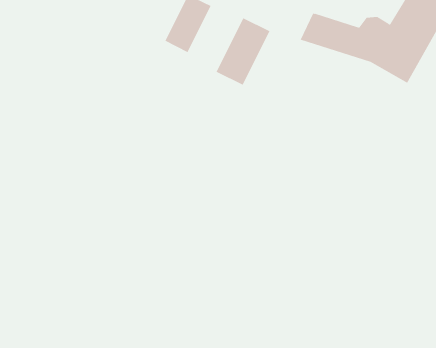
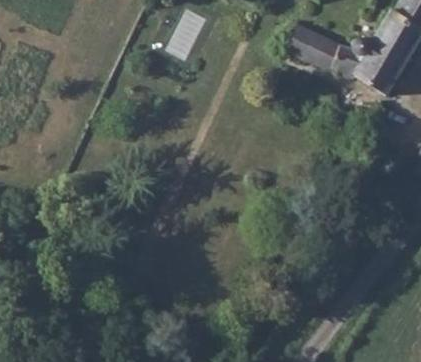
building: [216,17,270,86] -> none

